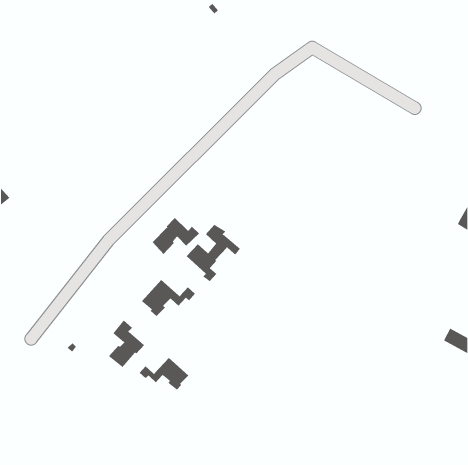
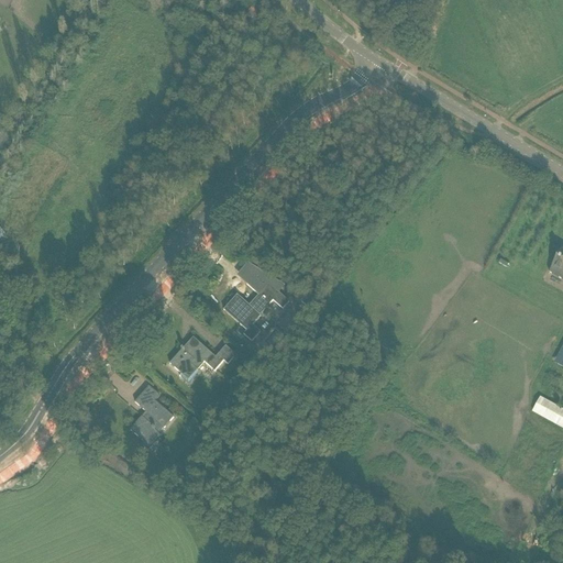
building: [152,217,200,255] -> none
building: [139,357,189,391] -> none

